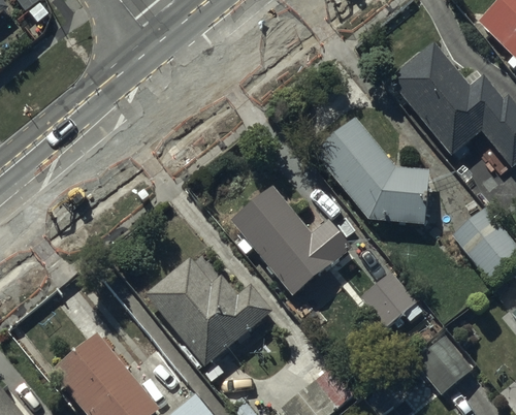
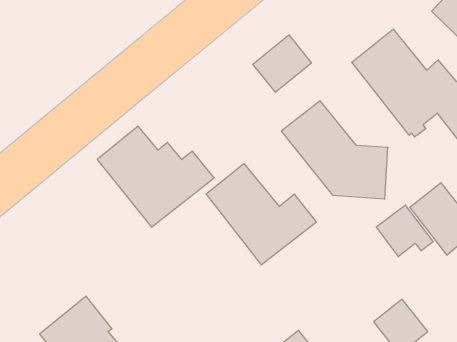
building: none -> [253,35,311,92]
building: [146,257,272,366] -> [97,126,214,227]
building: [361,272,423,327] -> [376,205,433,257]

